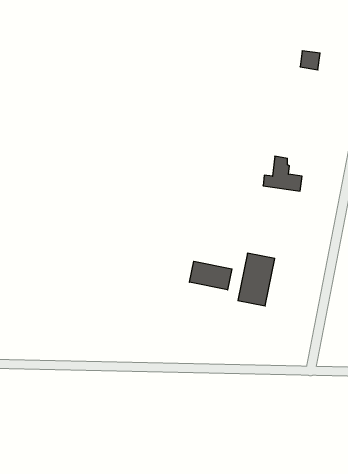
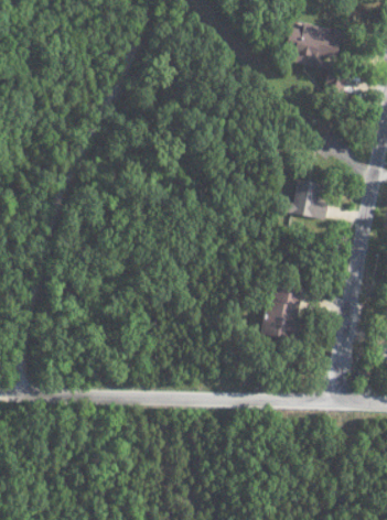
building: none -> [290,26,337,61]
building: [189,261,232,290] -> none

